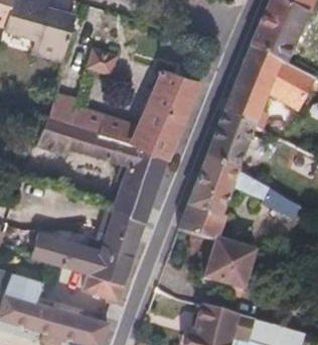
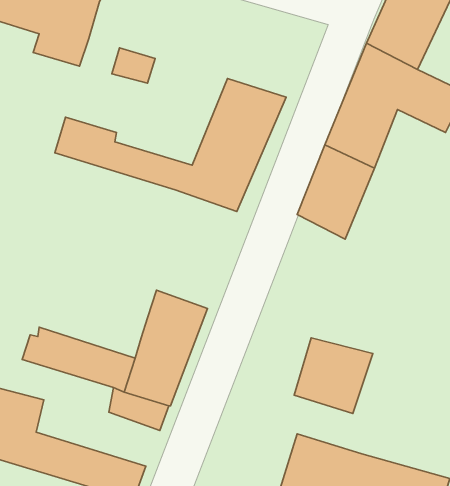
building: [37,118,167,221] -> none
building: [179,159,289,240] -> none

